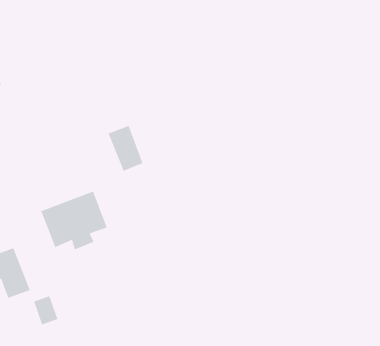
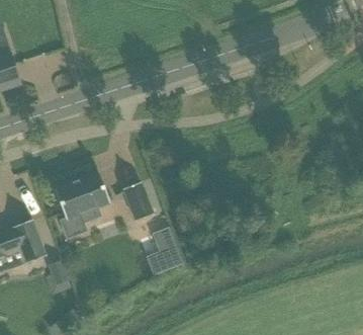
building: [107,125,143,172] -> [122,181,153,221]
building: none -> [152,227,182,269]

